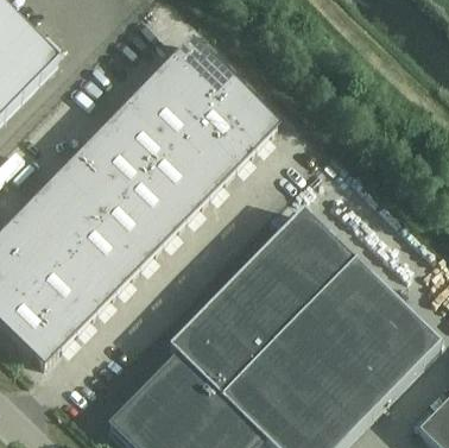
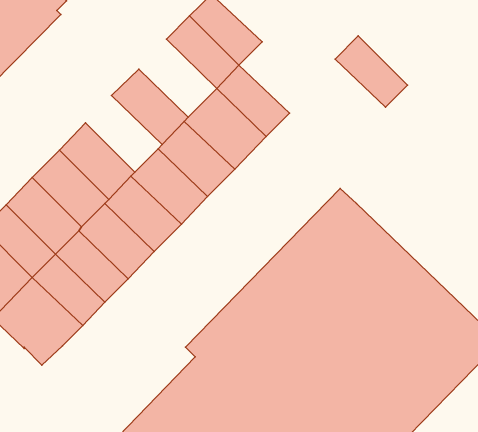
building: [127,77,195,145] -> none
building: [214,80,277,141] -> [335,36,408,107]
building: [81,126,147,193] -> none

